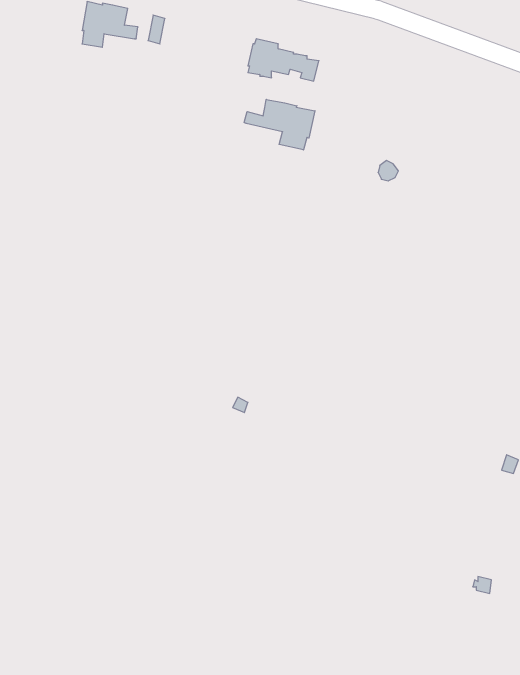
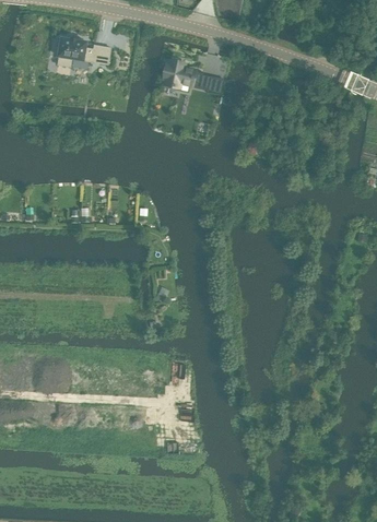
building: [244,99,315,150] -> none

